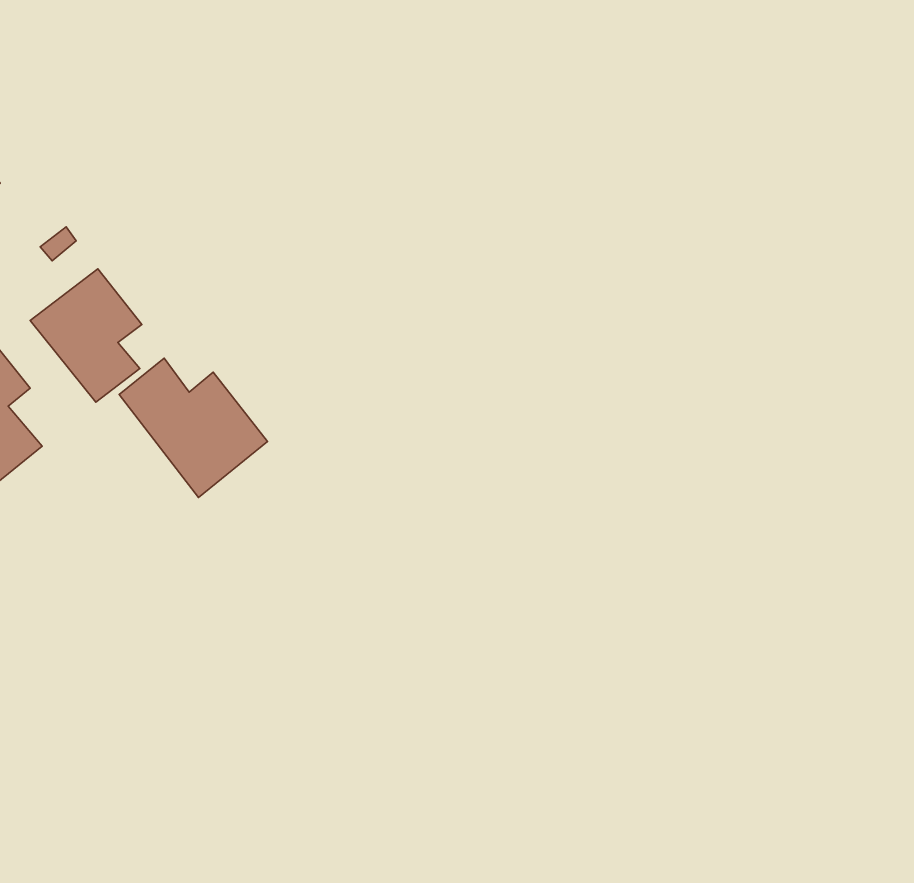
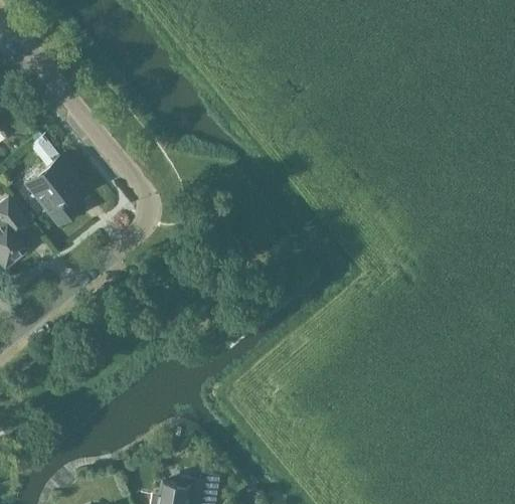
building: [119,358,267,497] -> none

